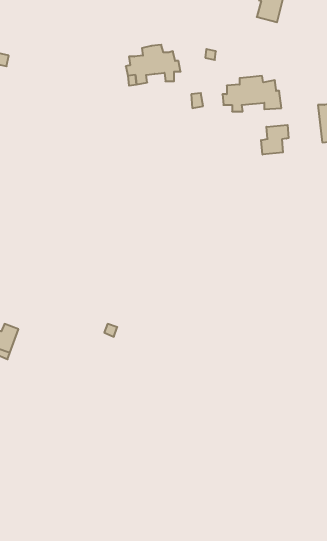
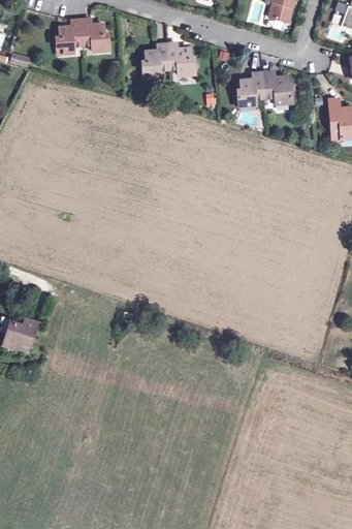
building: none -> [57,21,108,56]
building: [261,125,289,155] -> none

